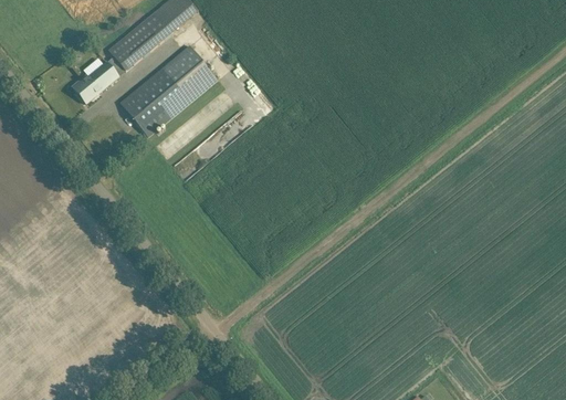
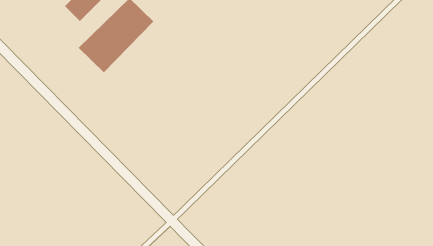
building: [72,63,119,103] -> none

